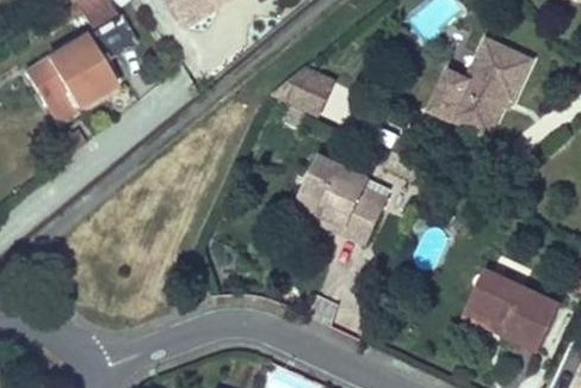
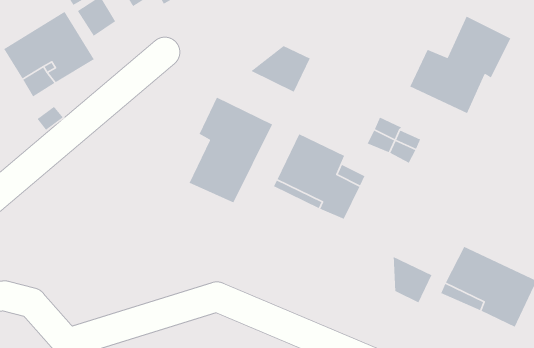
building: none -> [189,96,273,204]
building: none -> [393,256,433,303]

